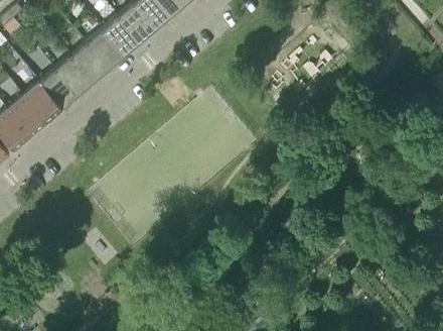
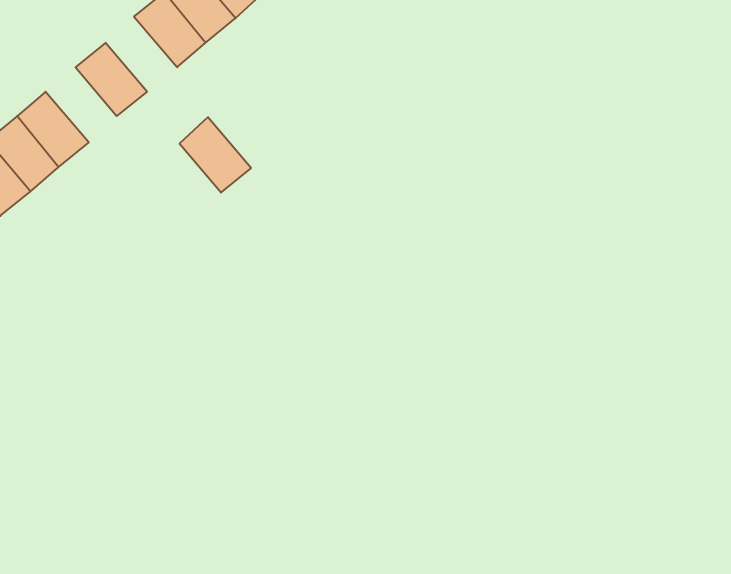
building: [86,28,124,69] -> [180,117,251,193]
building: [53,56,92,96] -> none

